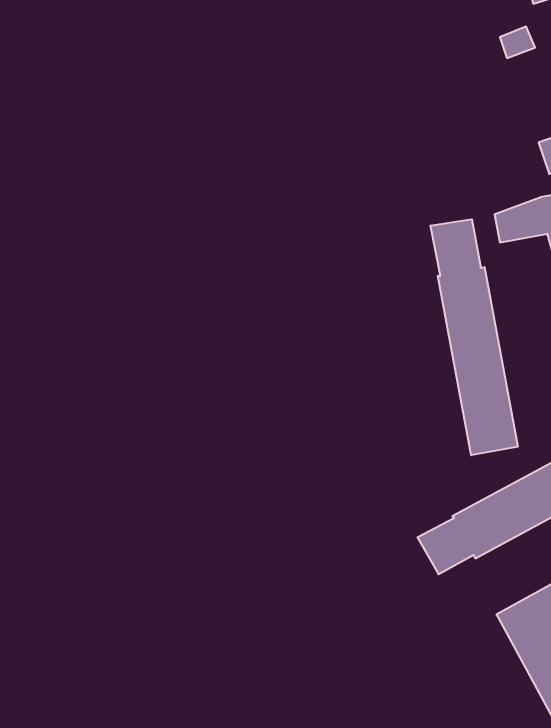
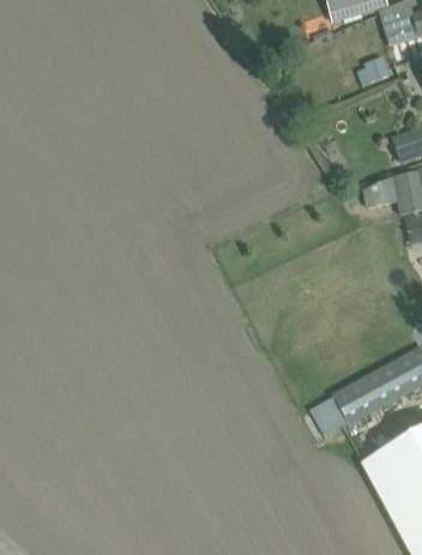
building: [430,219,518,455] -> none

